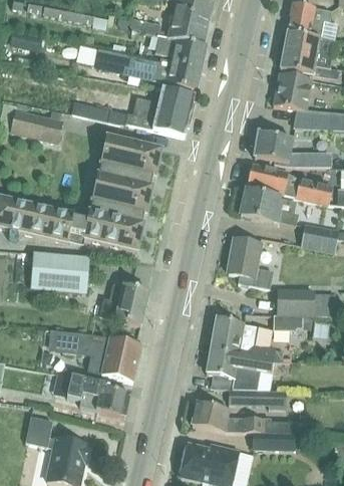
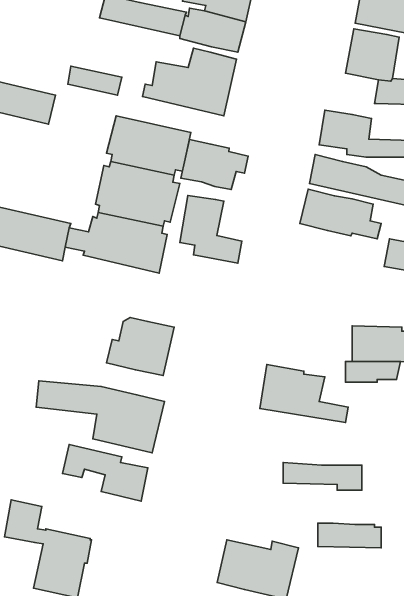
building: none -> [181,140,248,189]
building: [228,238,273,287] -> [180,195,242,263]
building: [29,251,88,292] -> none
building: [206,348,273,390] -> none
building: [192,401,264,432] -> none

